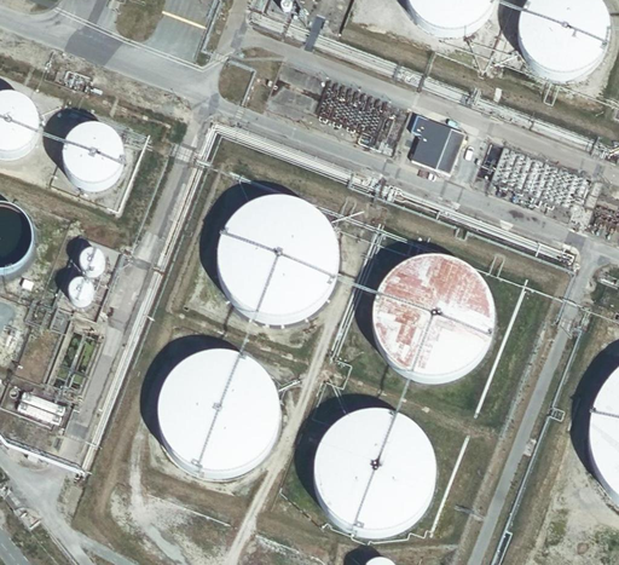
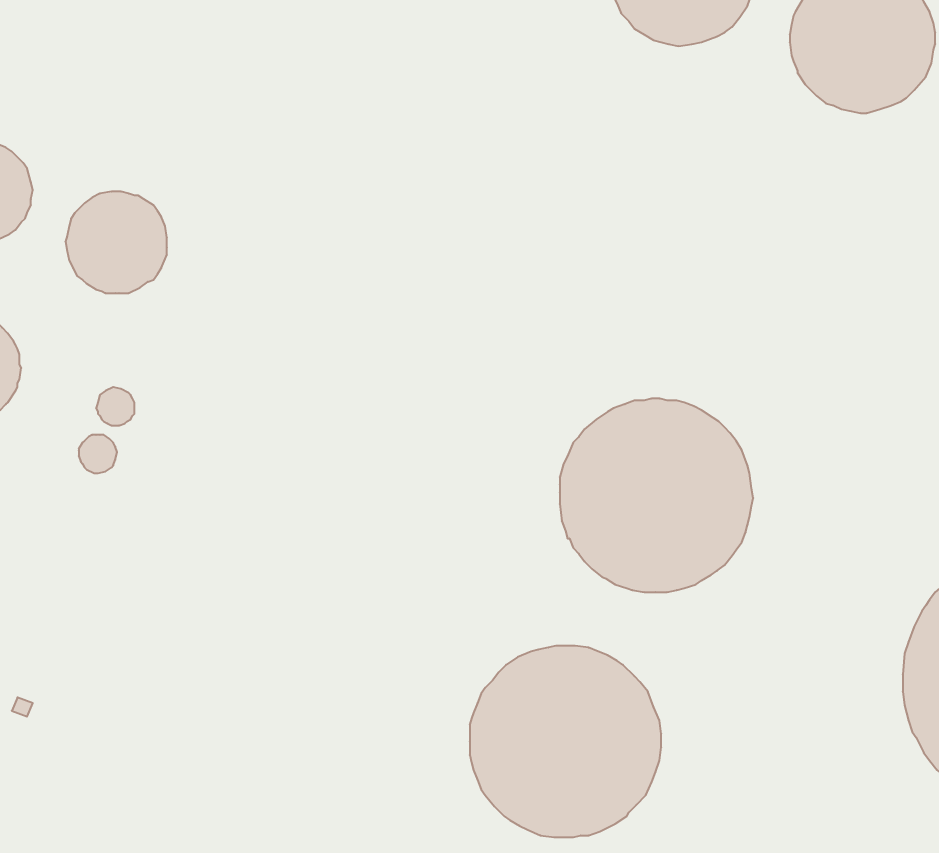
building: [412,115,465,169] -> none
building: [218,196,339,317] -> none
building: [160,352,280,473] -> none

